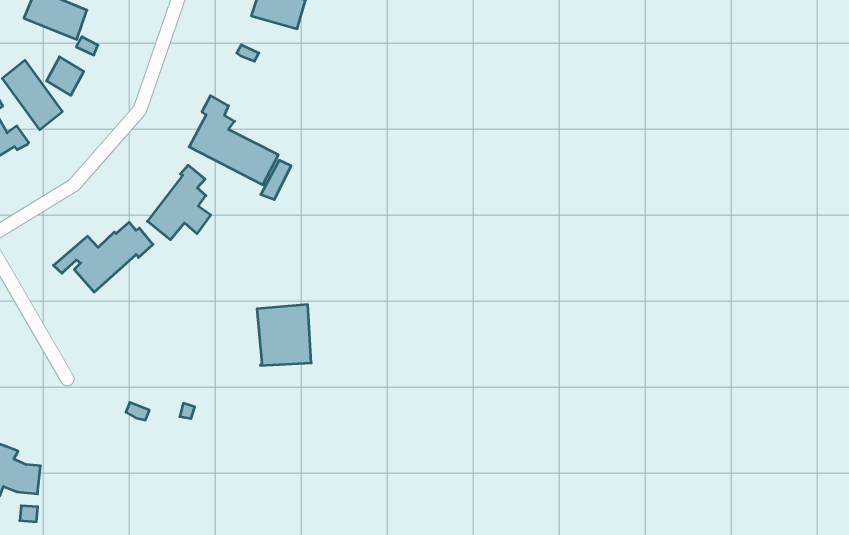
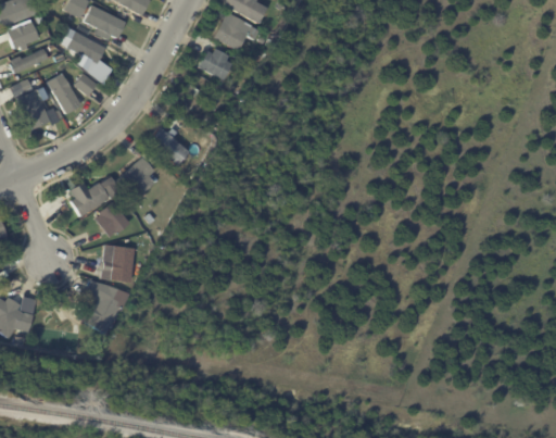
building: none -> [101,200,132,234]
building: [257,305,311,365] -> [104,245,138,281]
building: none -> [81,293,123,334]

